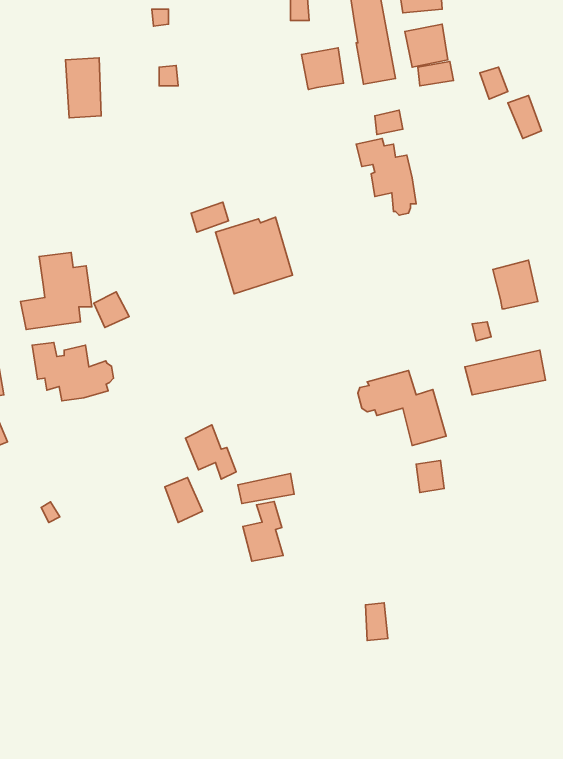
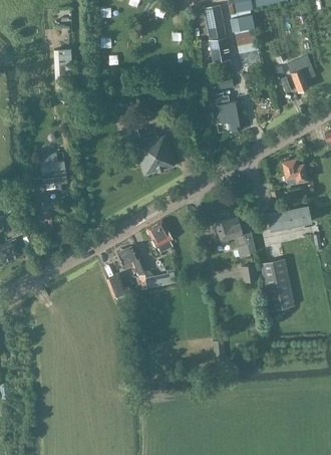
building: [302,48,344,89] -> none
building: [32,342,114,401] -> none
building: none -> [146,220,173,253]
building: none -> [260,258,294,311]
building: [243,501,283,561] -> none

